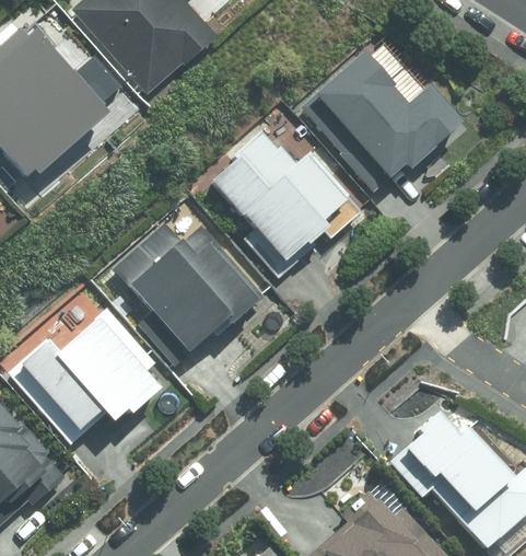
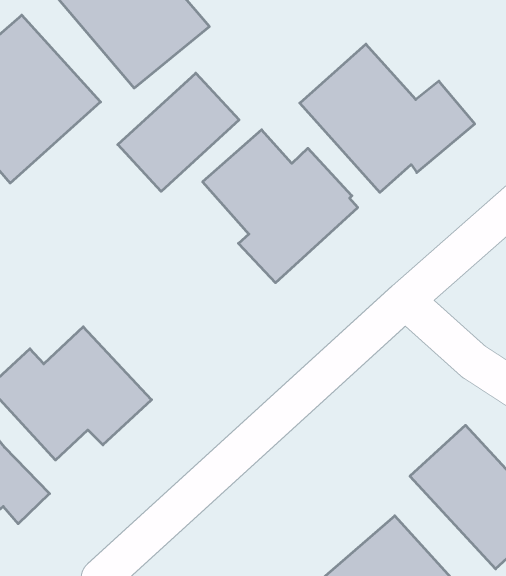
building: none -> [118,73,239,191]
building: [108,222,260,355] -> none

